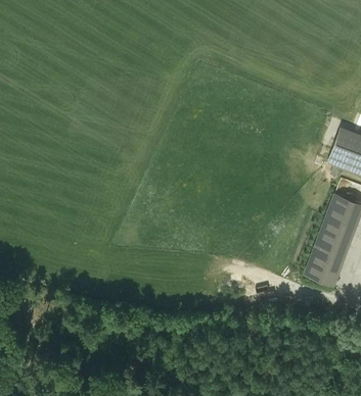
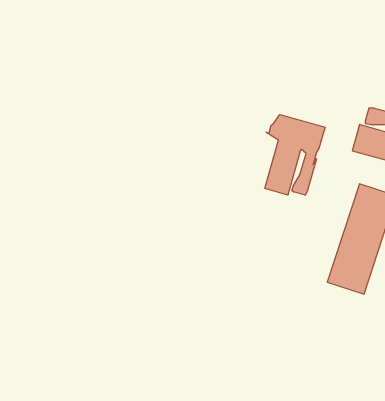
building: none -> [265,115,325,195]

